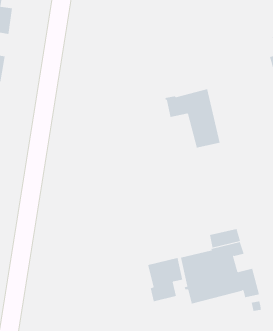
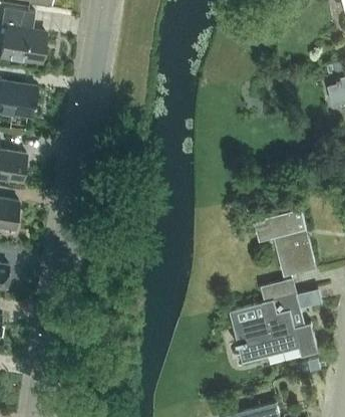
building: [164,89,221,148] -> [253,209,315,275]
building: [147,257,183,302] -> none

